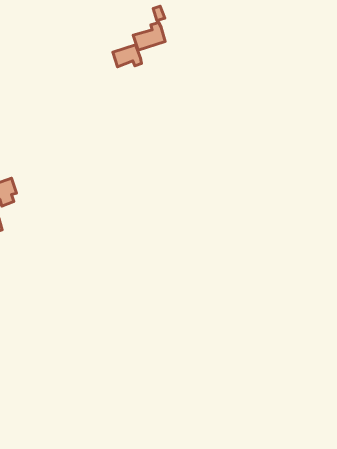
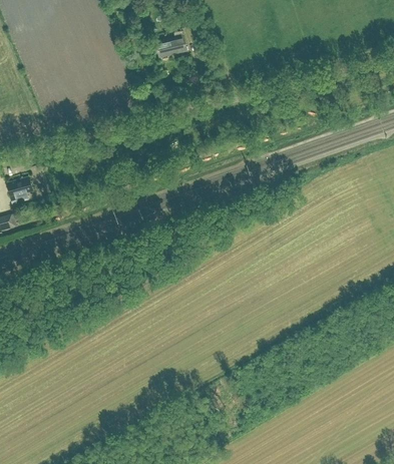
building: [113,45,141,67] -> none

